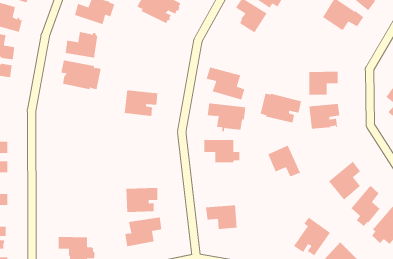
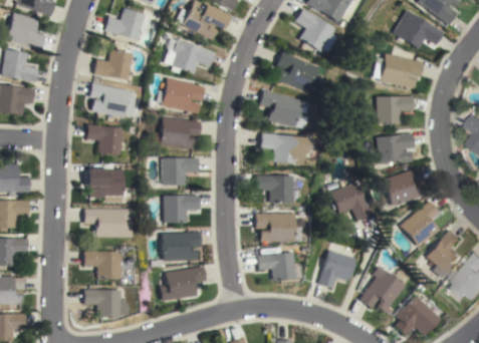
building: none -> [165,39,216,75]
building: none -> [273,51,315,92]
building: none -> [158,77,206,113]
building: [260,93,302,123] -> [375,53,424,88]
building: none -> [83,123,121,155]
building: none -> [164,157,200,186]
building: none -> [385,166,426,206]
building: none -> [82,168,121,202]
building: none -> [165,195,201,223]
building: none -> [83,209,131,237]
building: none -> [256,213,300,242]
building: none -> [320,250,356,289]
building: none -> [83,251,126,284]

